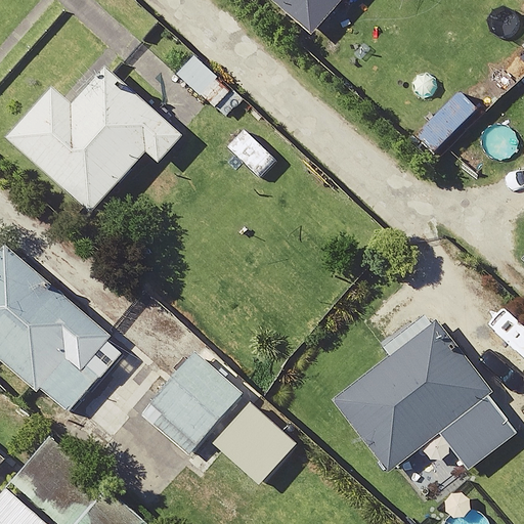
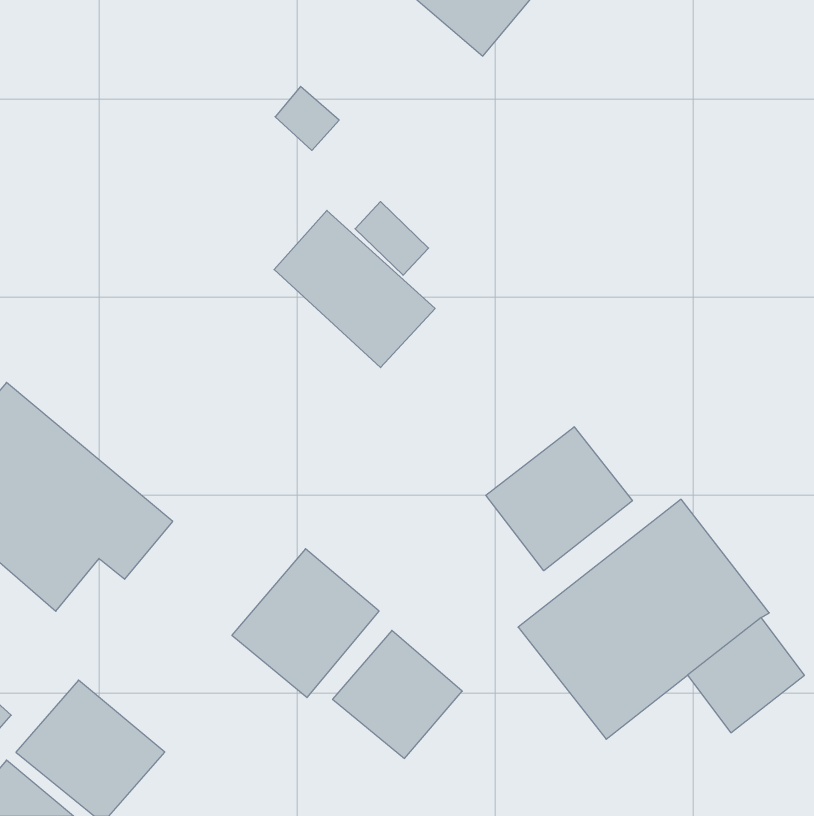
building: [4,66,183,215] -> none
building: none -> [274,210,435,368]
building: none -> [486,427,632,571]

